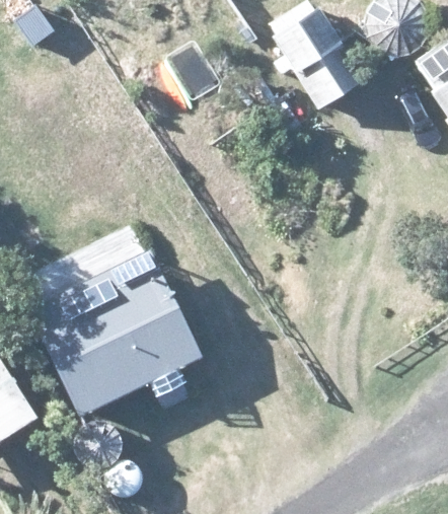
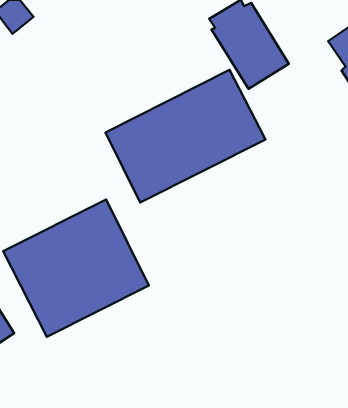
building: none -> [105,70,266,203]

